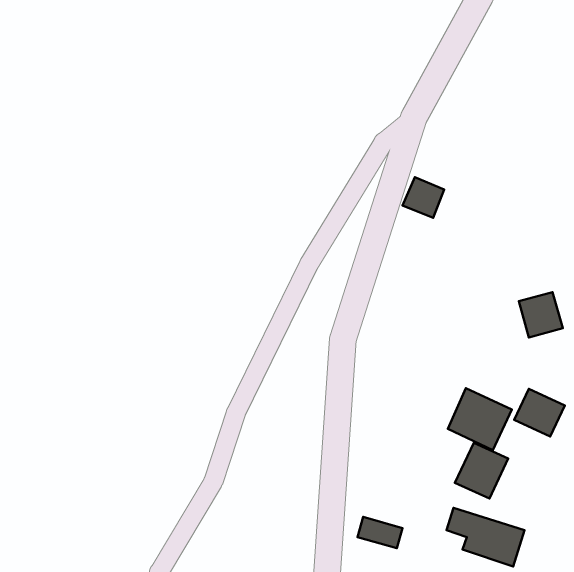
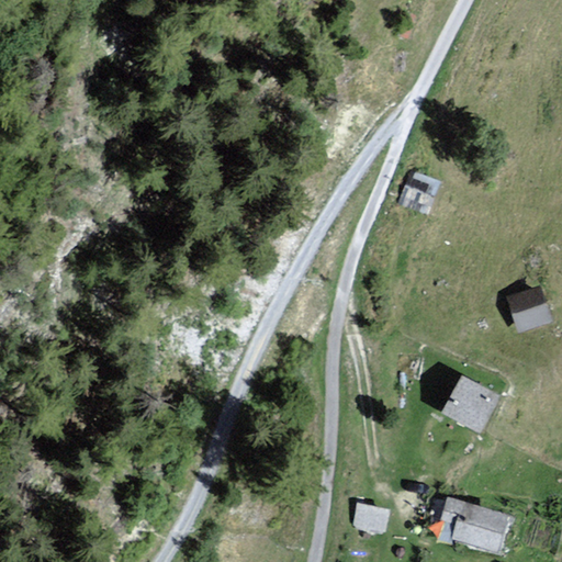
building: [514,389,565,437] -> none
building: [455,443,508,498] -> none

